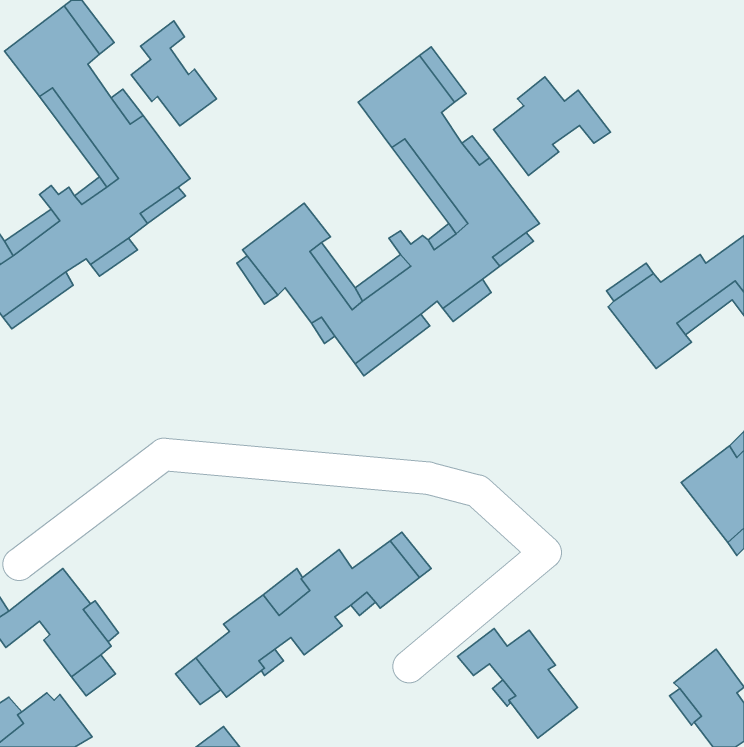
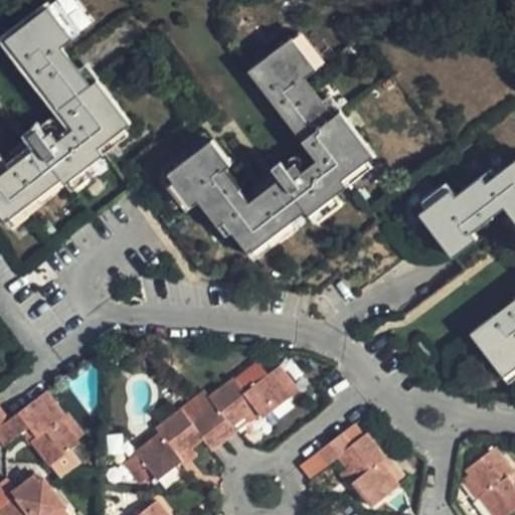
building: [131,21,217,126] -> none
building: [494,77,611,175] -> none

